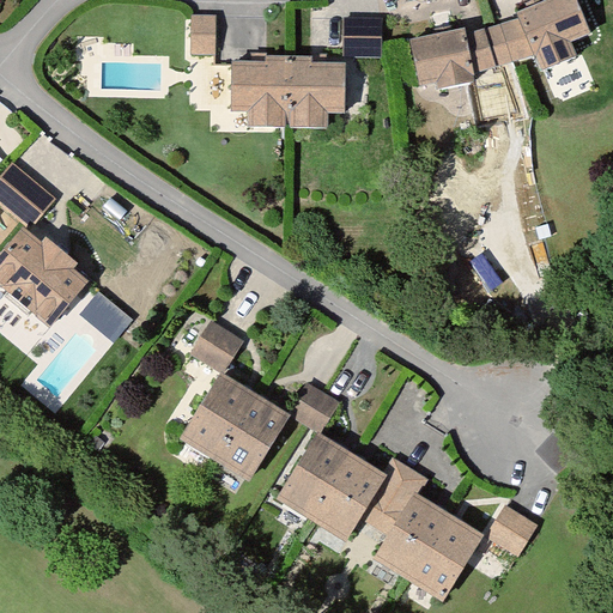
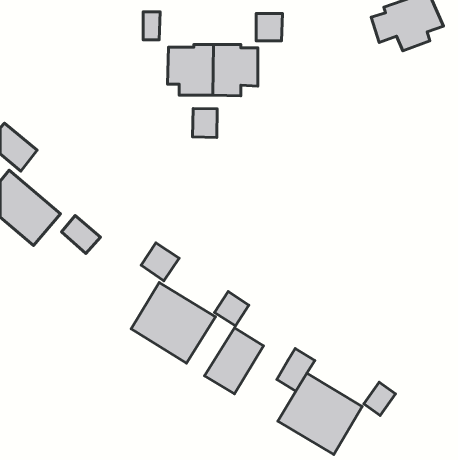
building: [409,23,508,83] -> none
building: none -> [193,108,217,137]
building: [316,457,387,540] -> none

